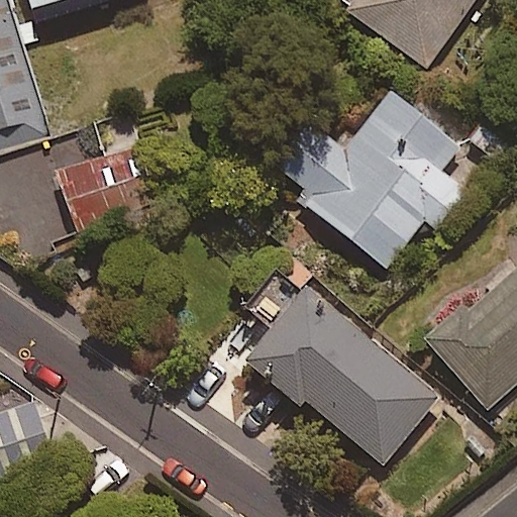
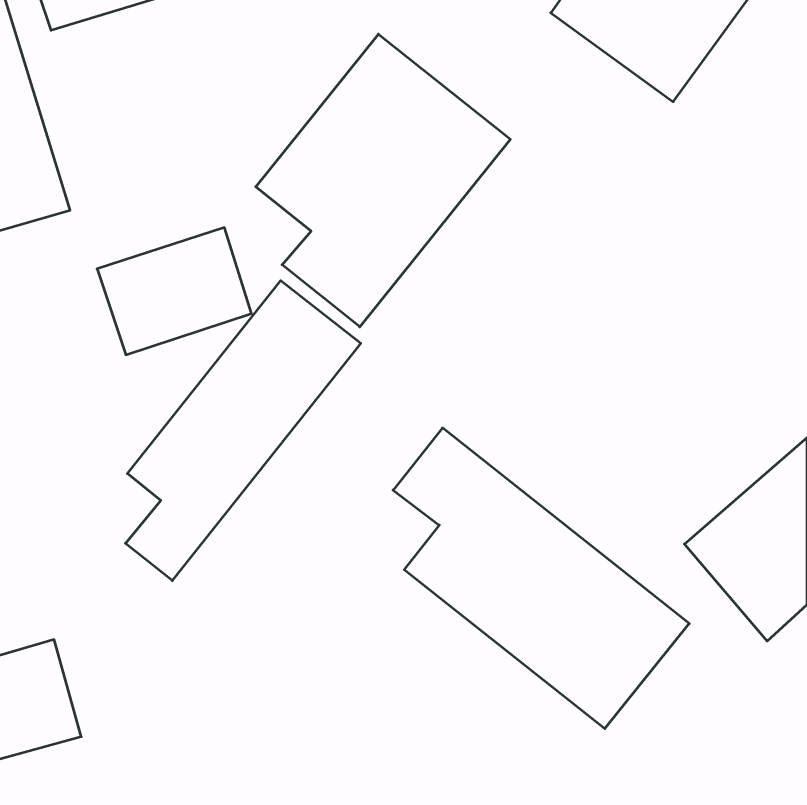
building: none -> [256,34,510,327]
building: [272,91,463,267] -> none
building: none -> [125,281,361,581]

